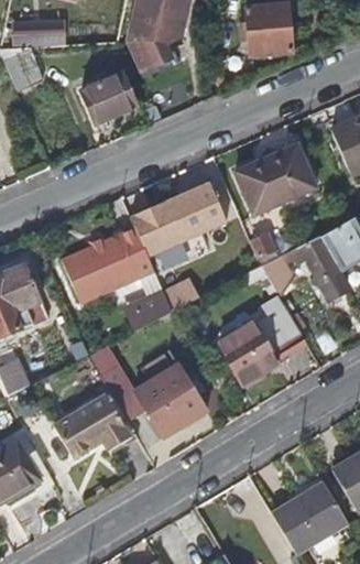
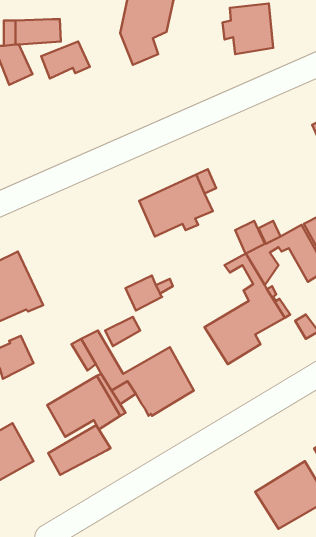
building: [85,80,135,119] -> [41,41,90,78]
building: [232,145,314,216] -> none
building: [63,227,154,302] -> none
building: none -> [48,425,111,475]

